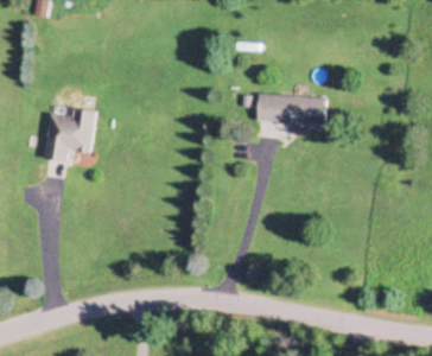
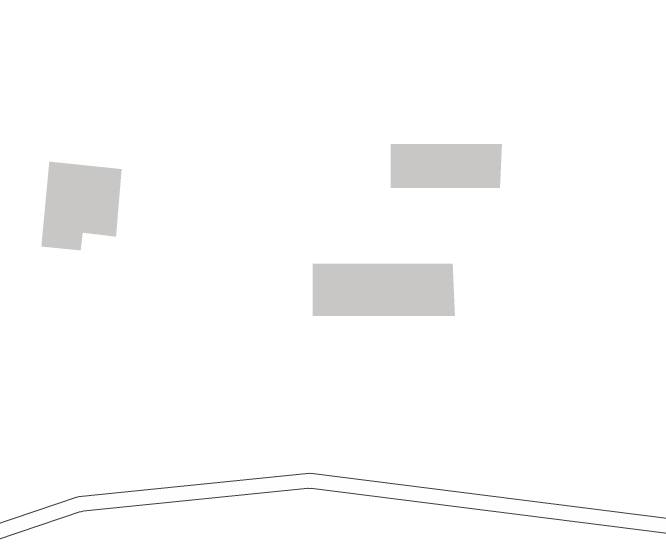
building: none -> [312,263,456,317]

